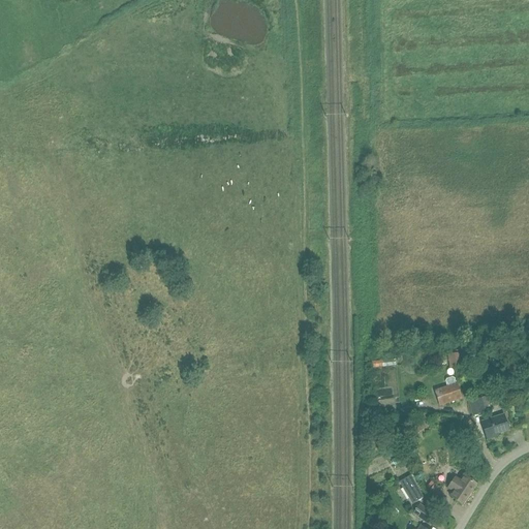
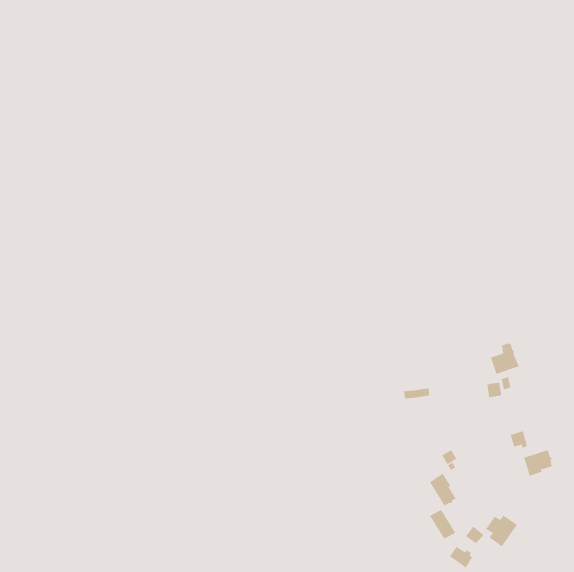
building: [435,375,462,404] -> [490,343,519,374]
building: none -> [429,473,456,507]

